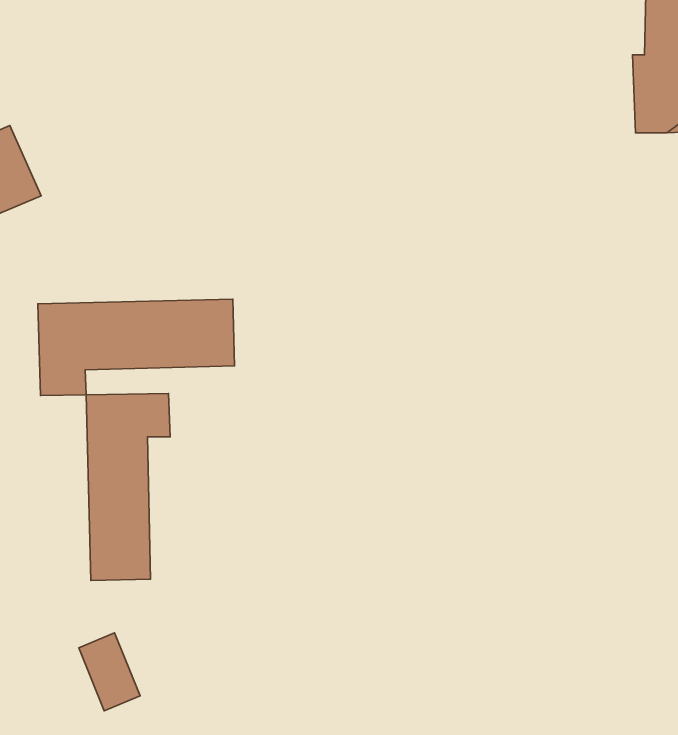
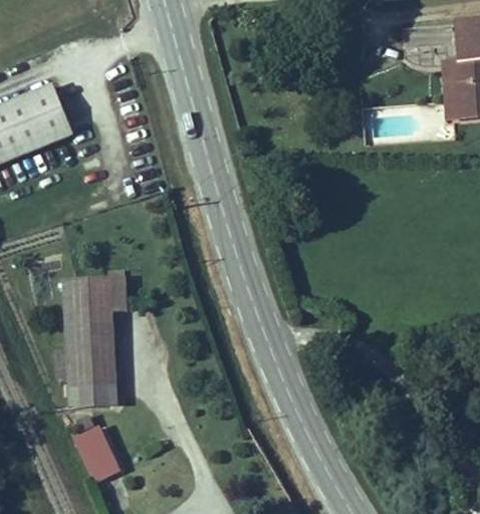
building: none -> [25,81,82,157]
building: [38,299,234,395] -> none

